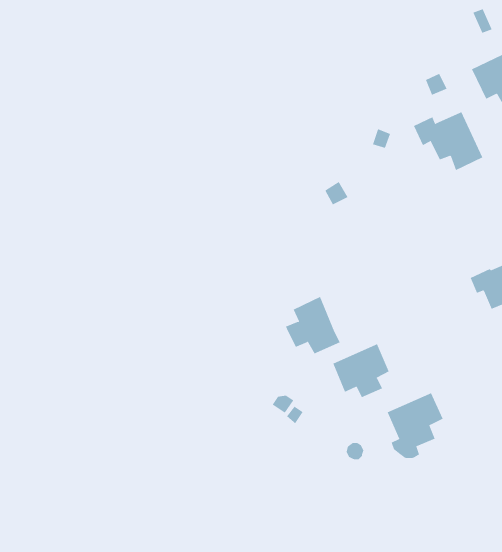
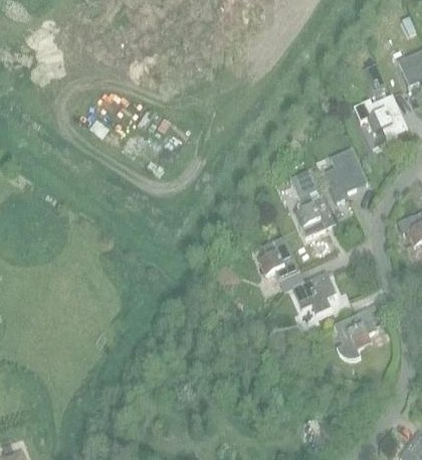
building: none -> [324,149,366,202]
building: none -> [289,169,336,238]

